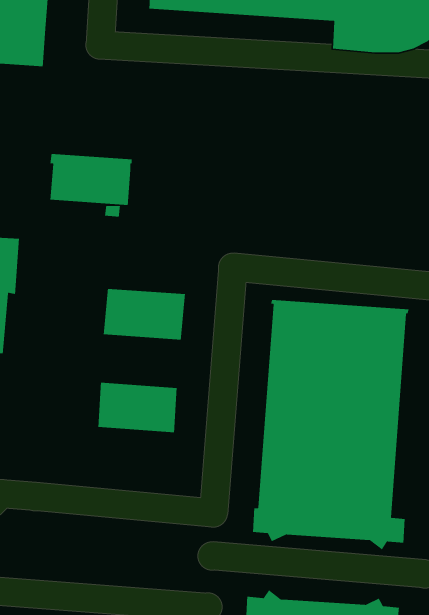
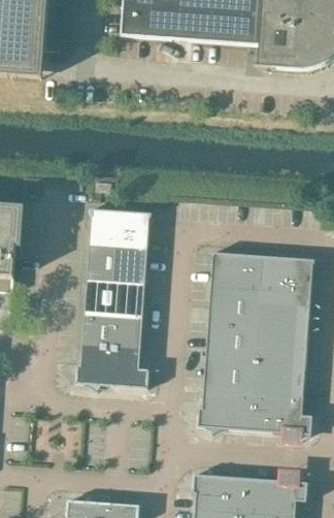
building: [50,153,133,206] -> [90,208,152,248]
building: none -> [85,279,145,318]
building: none -> [76,348,149,390]

